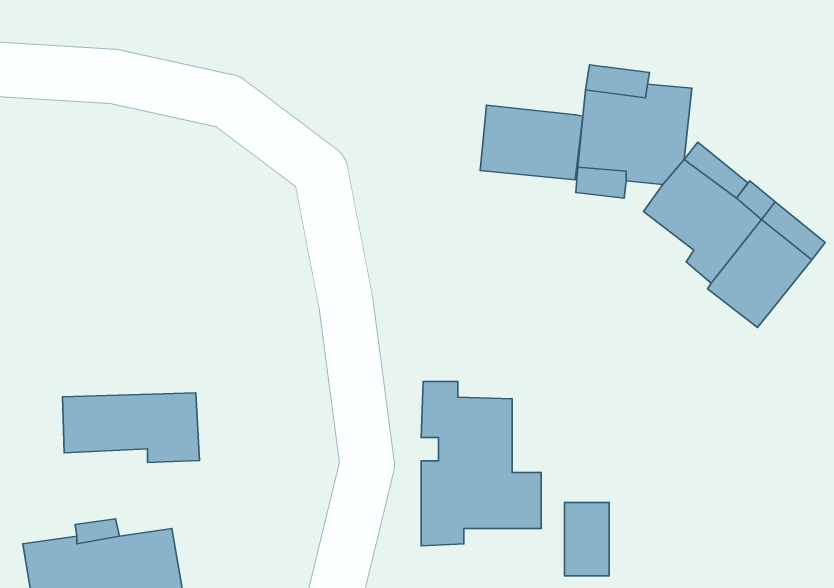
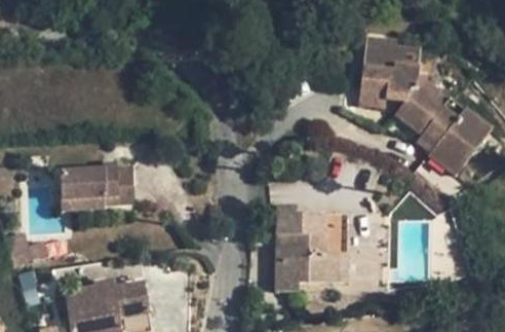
building: [480,105,583,180] -> none
building: [62,393,200,462] -> [60,168,132,205]
building: [565,502,609,576] -> [323,214,347,253]

